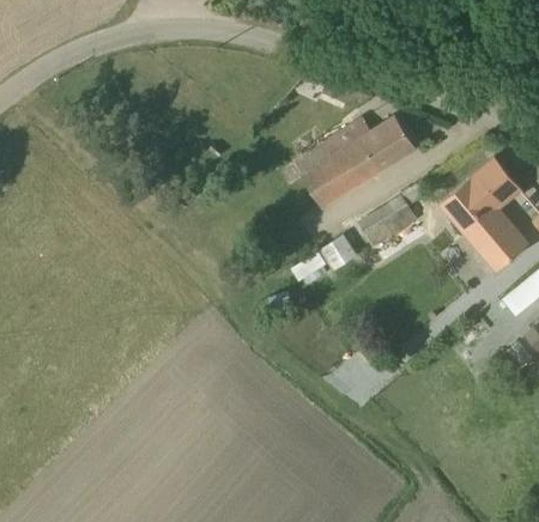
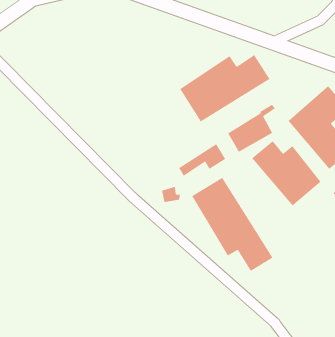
building: none -> [251,140,321,206]
building: none -> [191,177,274,272]

